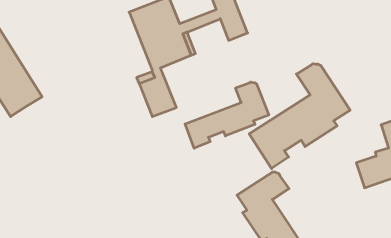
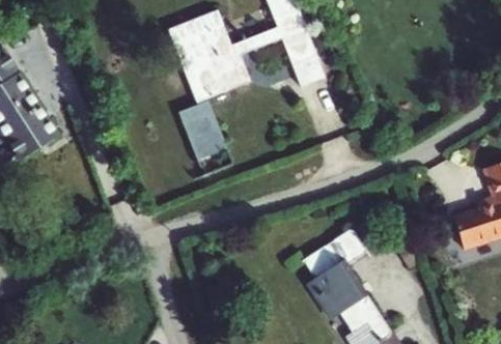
building: [249,64,350,169] -> none
building: [185,82,269,148] -> none

